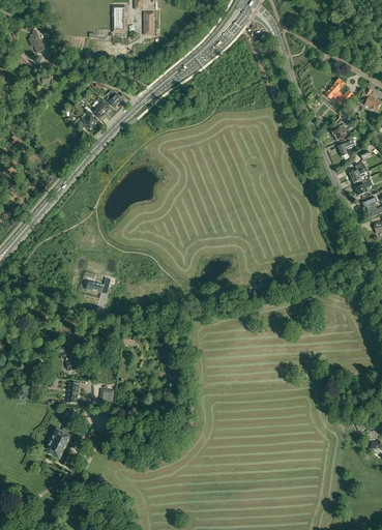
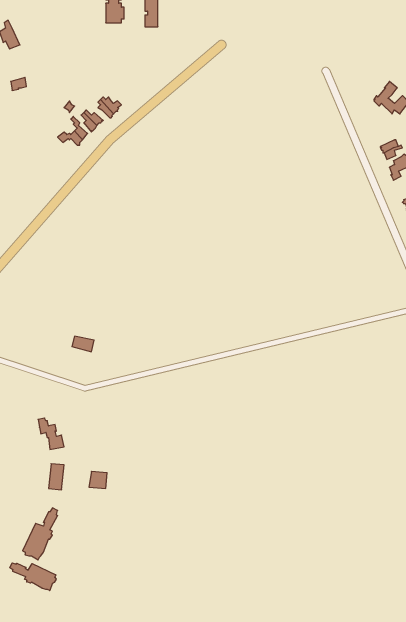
building: none -> [10,563,56,591]

